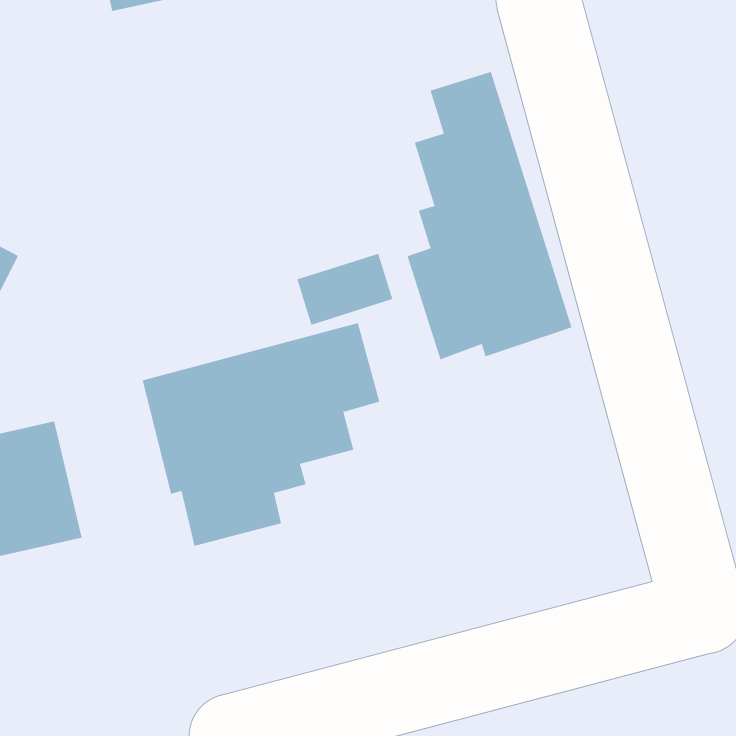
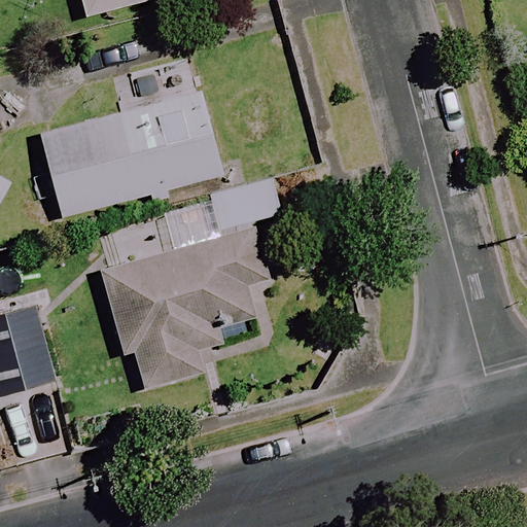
building: [407,71,572,360] -> none
building: none -> [39,93,224,215]

